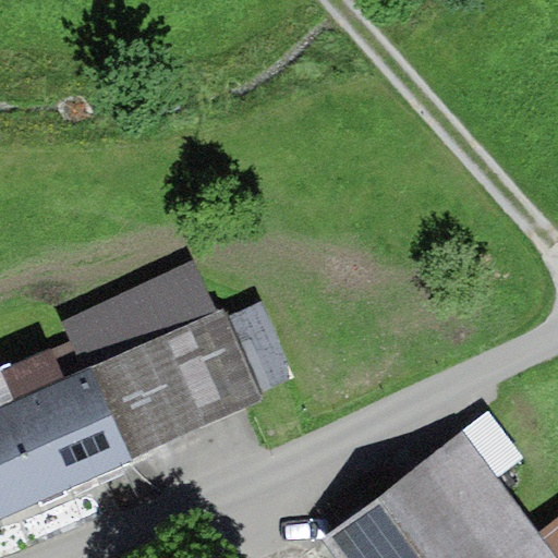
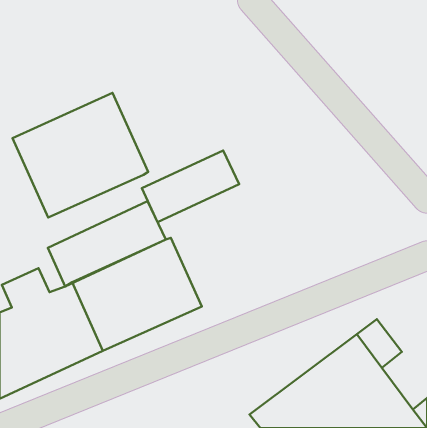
building: none -> [12,93,148,217]
building: none -> [142,150,239,222]

